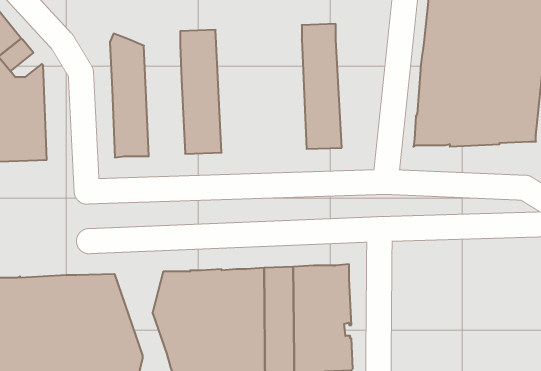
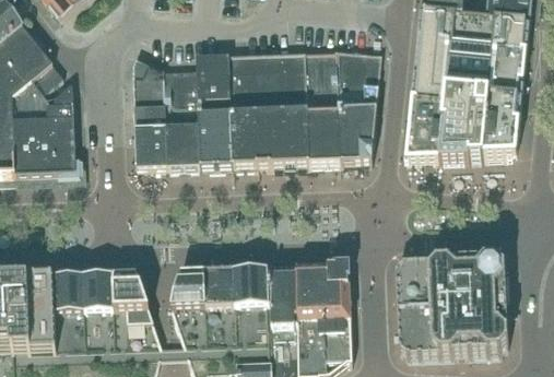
building: none -> [334,48,380,160]
building: none -> [226,49,308,164]
building: none -> [162,67,199,167]
building: none -> [394,259,507,355]

